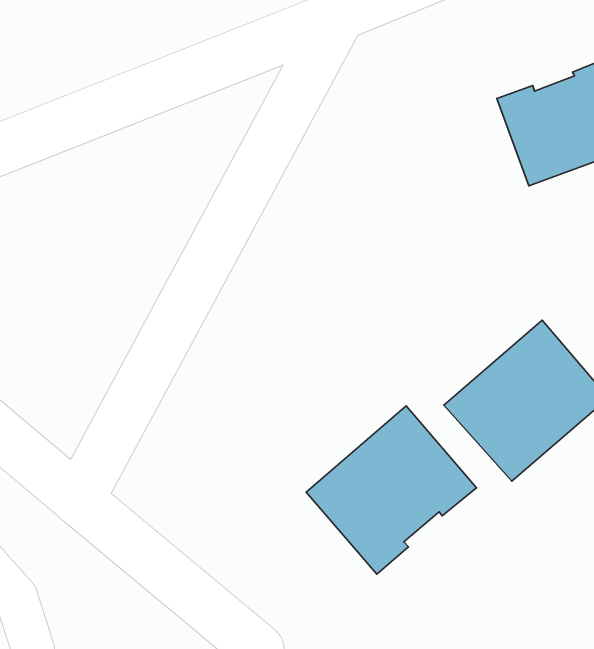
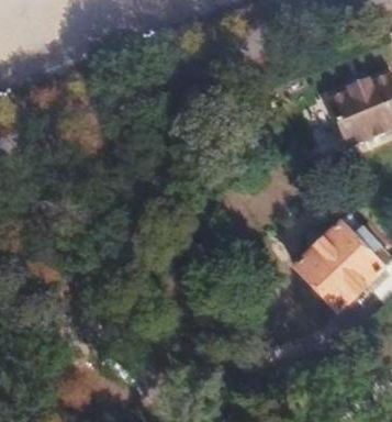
building: [306,406,477,574] -> none

